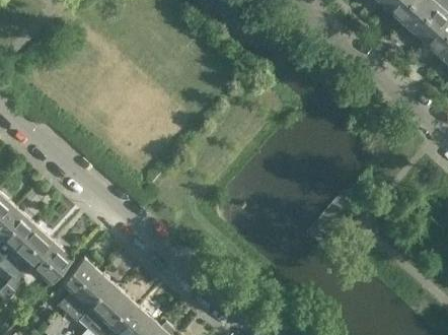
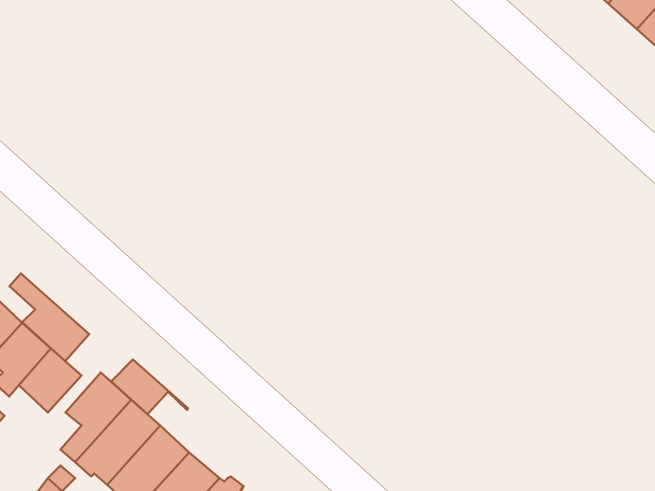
building: none -> [10,274,89,361]
building: none -> [111,359,188,414]

